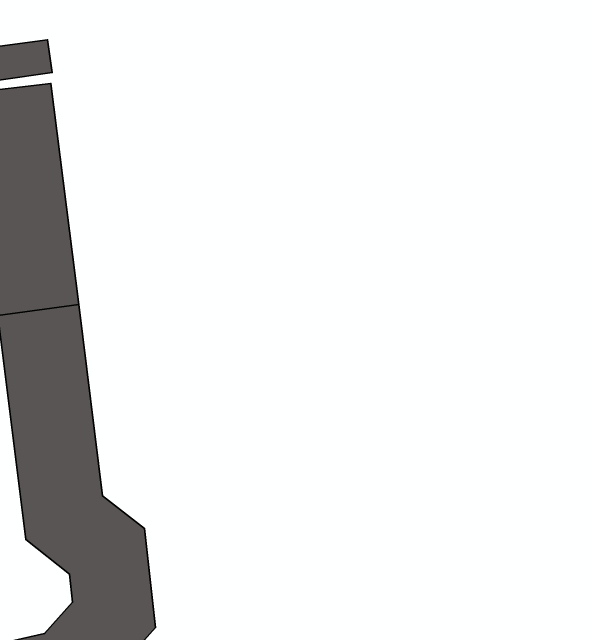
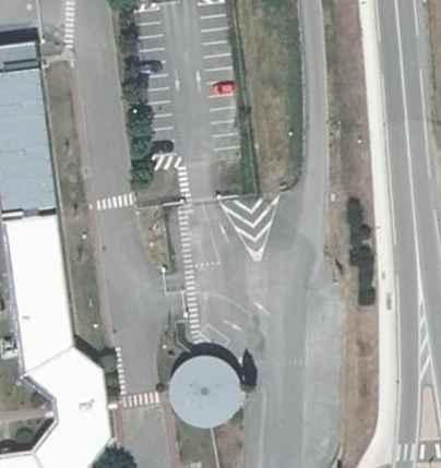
building: none -> [168,355,243,430]

